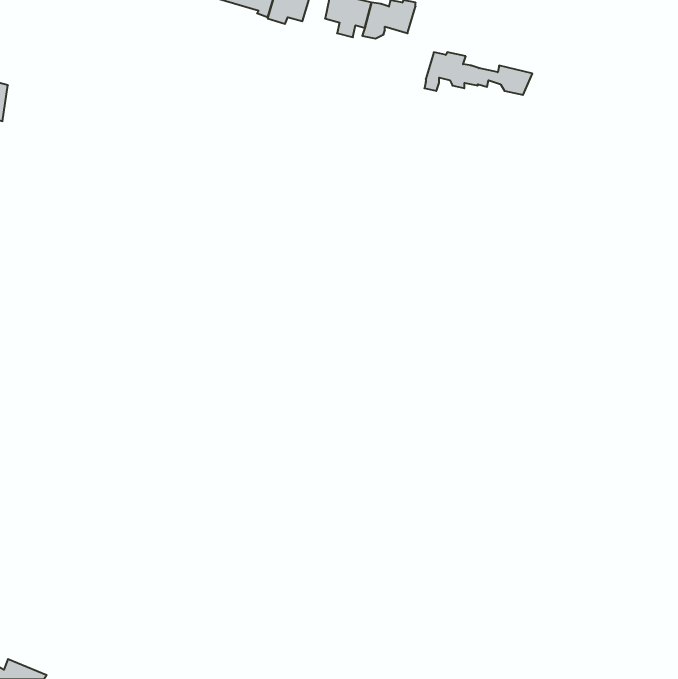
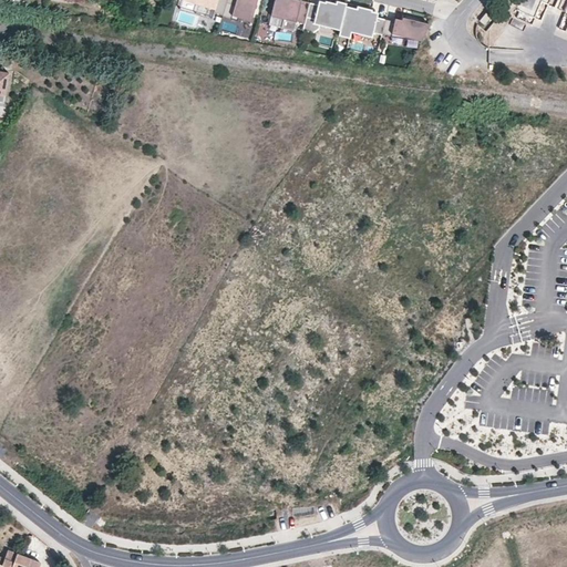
building: [424,52,532,95] -> [338,6,427,41]

